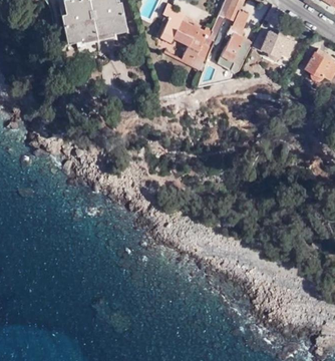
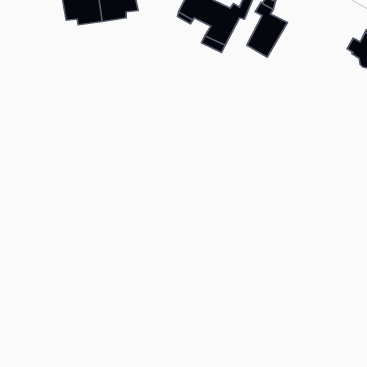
building: [258,31,295,58] -> none

